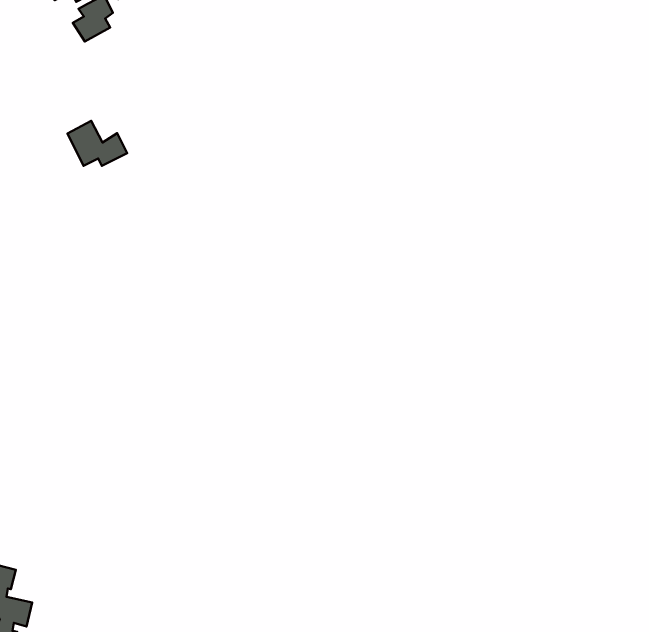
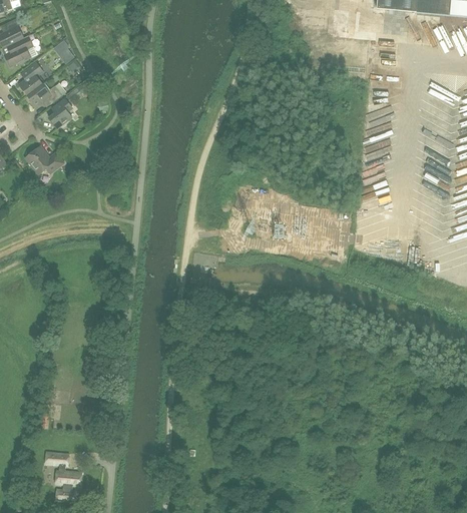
building: [67,121,127,166] -> [24,146,62,174]

